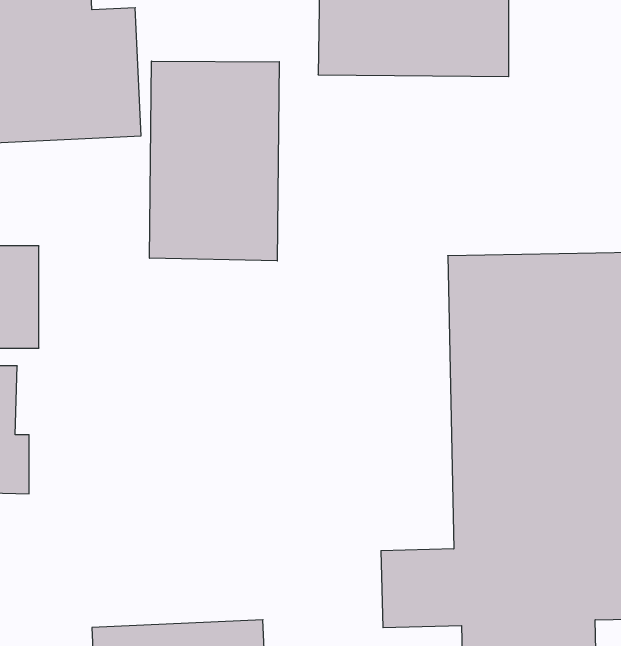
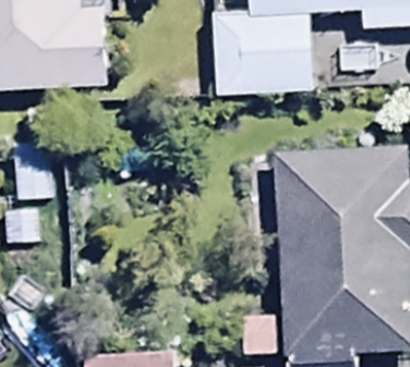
building: [150,61,279,261] -> none

